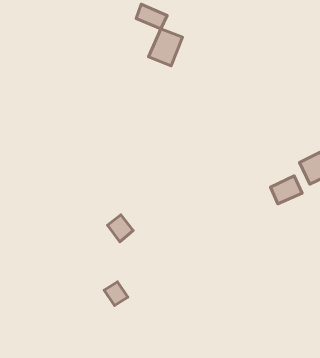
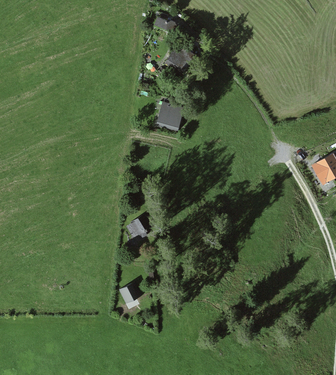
building: none -> [154,104,182,132]
building: [270,176,302,204] -> none

